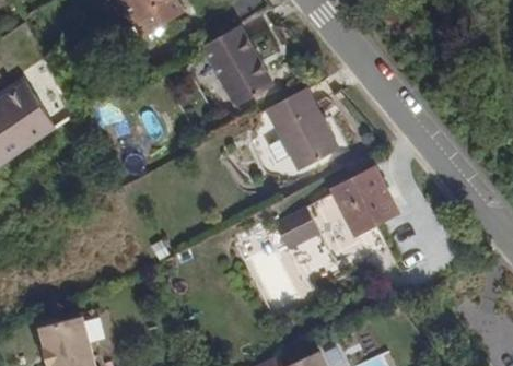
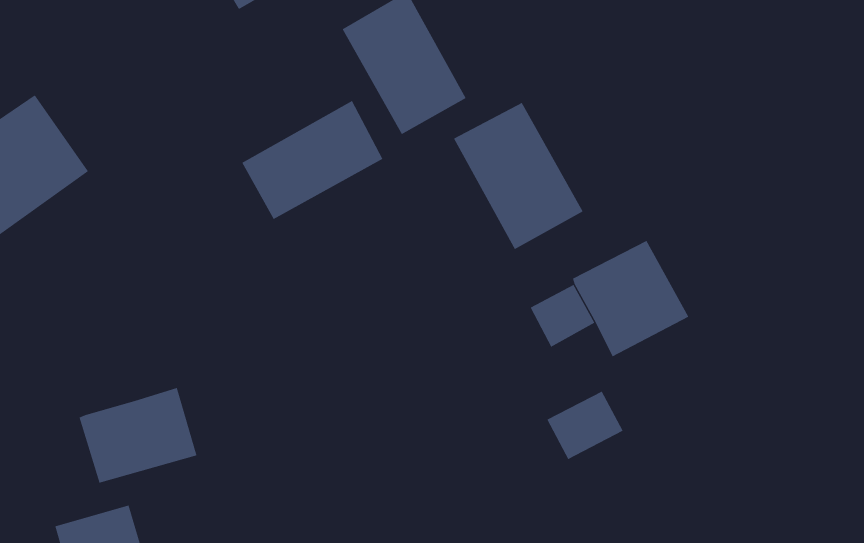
building: none -> [241,100,383,220]
building: [275,205,318,245] -> [547,391,623,460]
building: none -> [79,387,197,483]

